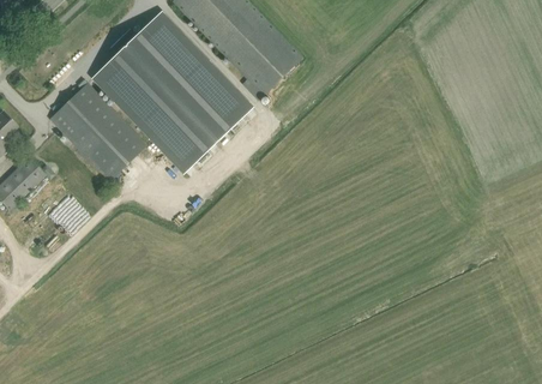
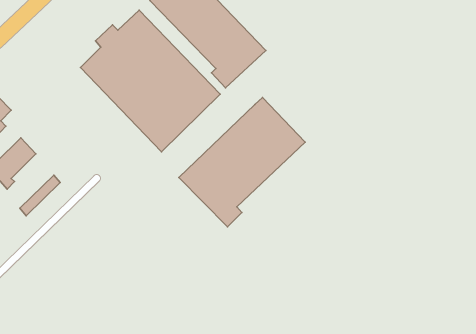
building: [50,83,146,180] -> none
building: none -> [179,97,305,227]

